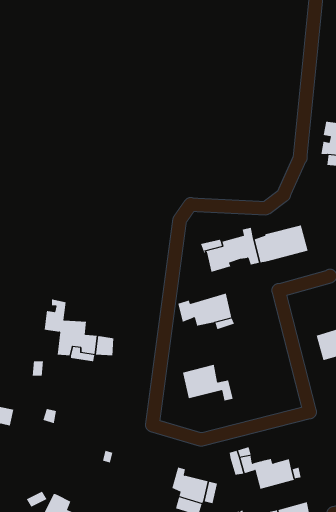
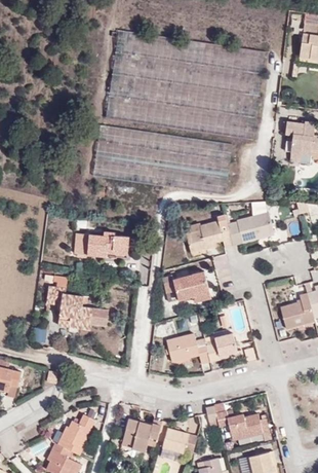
building: none -> [74,234,128,260]
building: none -> [206,332,238,362]
building: none -> [58,413,95,454]
building: none -> [122,419,161,451]

